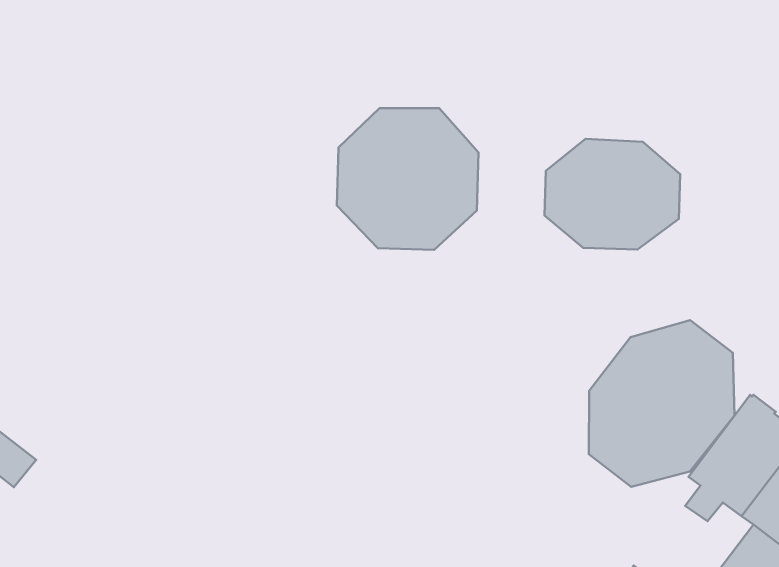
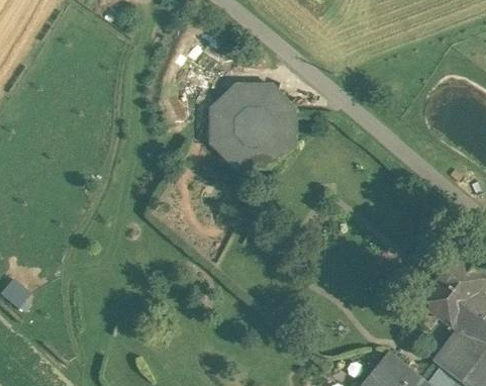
building: [544,139,680,249] -> none
building: [589,320,735,487] -> none

